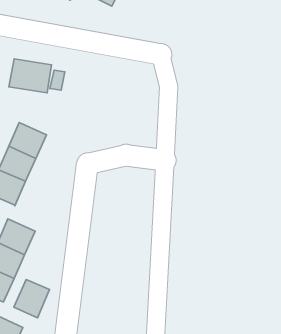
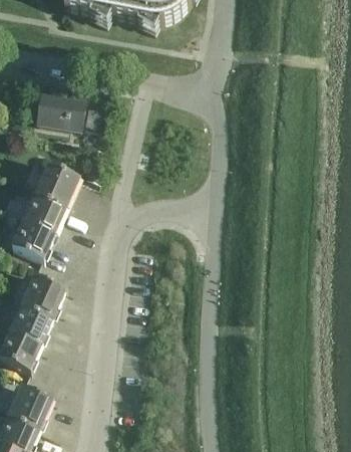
building: [14,280,49,318] -> none

